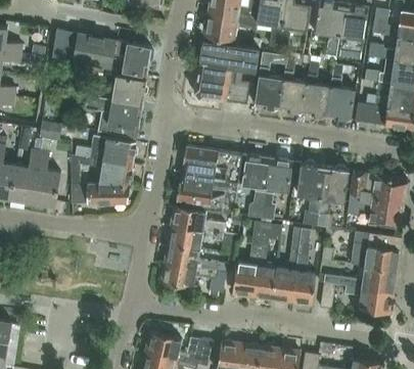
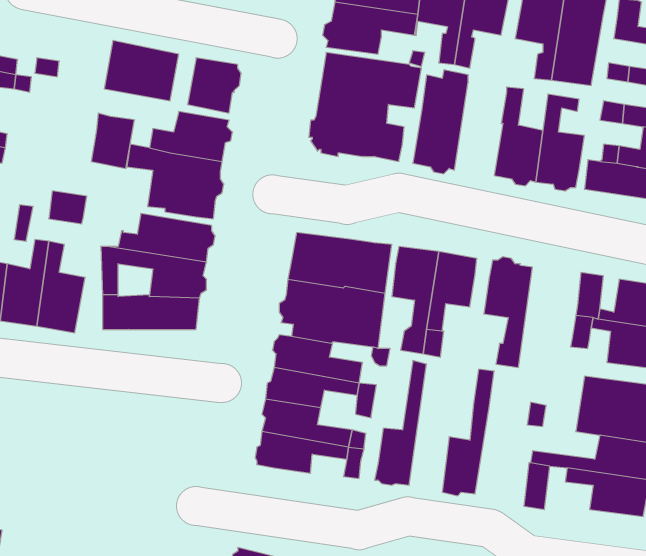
building: [52,29,78,61] -> [91,113,135,168]
building: [279,57,308,114] -> none
building: [317,165,349,228] -> none
building: [252,224,282,299] -> none
building: [291,228,317,305] -> none

